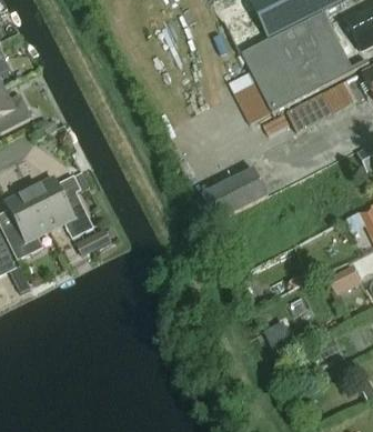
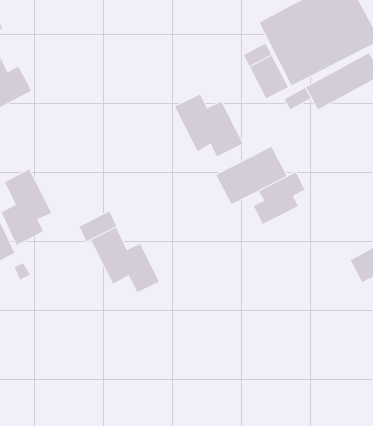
building: none -> [174,94,243,157]
building: [29,175,93,237] -> [90,227,160,293]
building: none -> [253,172,305,225]

